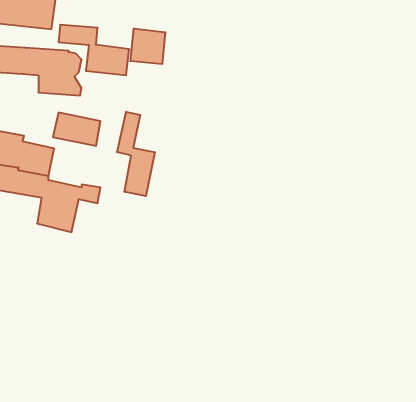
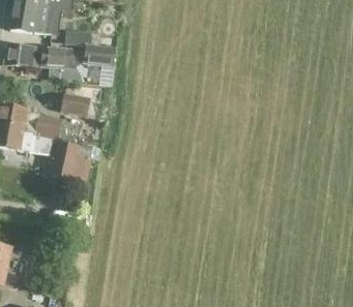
building: [130,28,165,64] -> none
building: [117,112,155,196] -> none

